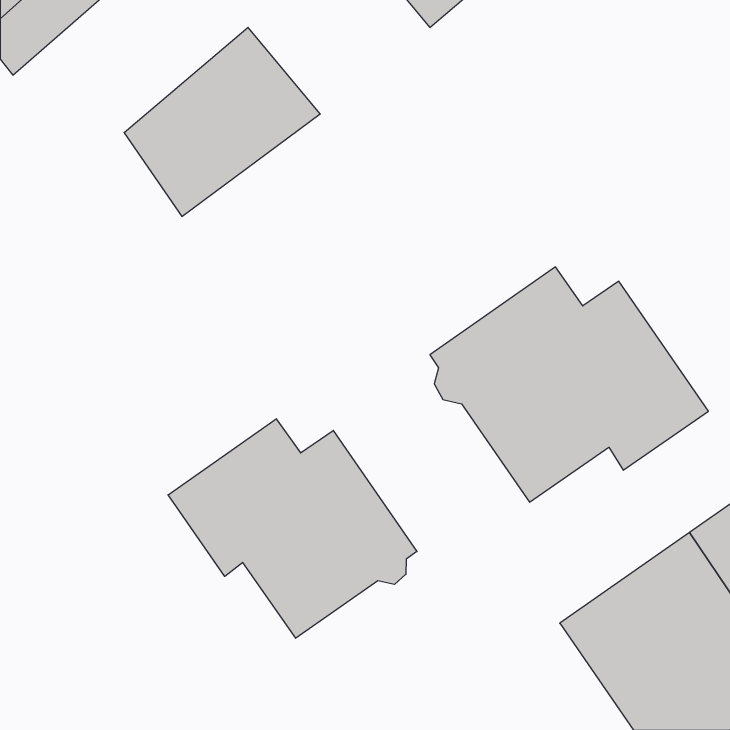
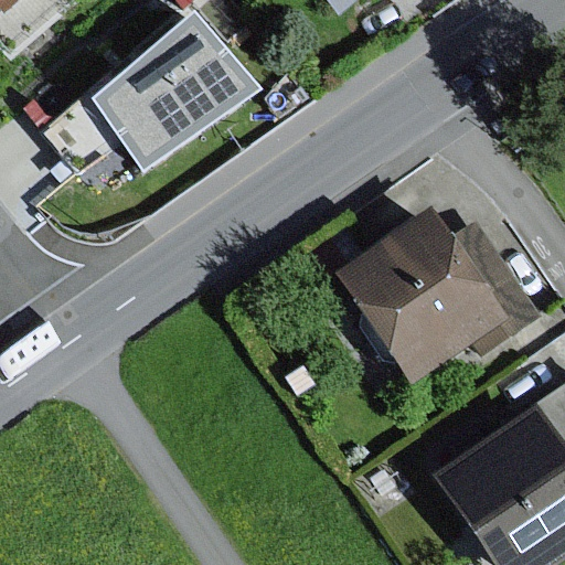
building: [168,419,417,638] -> none

